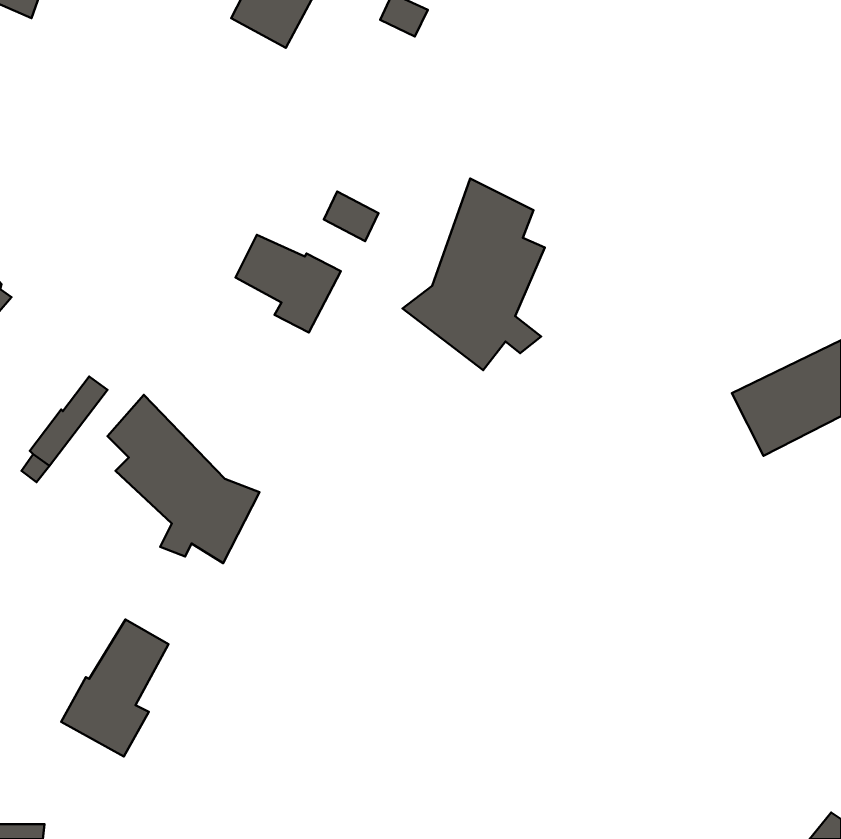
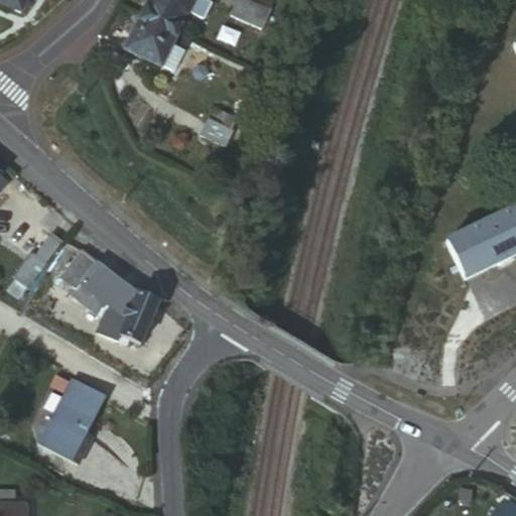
building: none -> [122,11,174,66]
building: [402,179,545,370] -> none
building: [235,235,341,333] -> none

